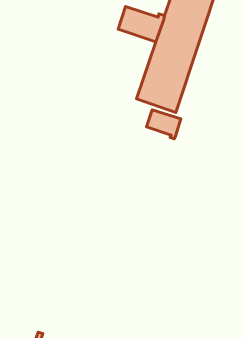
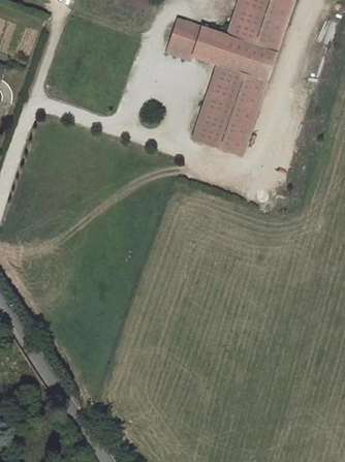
building: [147,110,181,139] -> none

